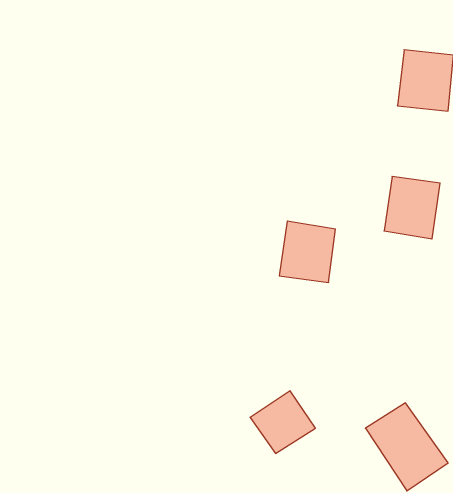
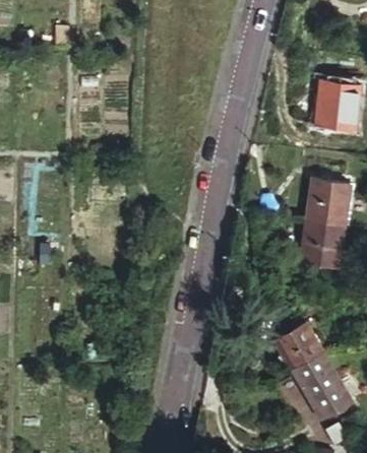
building: [279,221,335,282] -> [300,220,343,267]
building: [250,391,315,453] -> [272,323,322,371]

